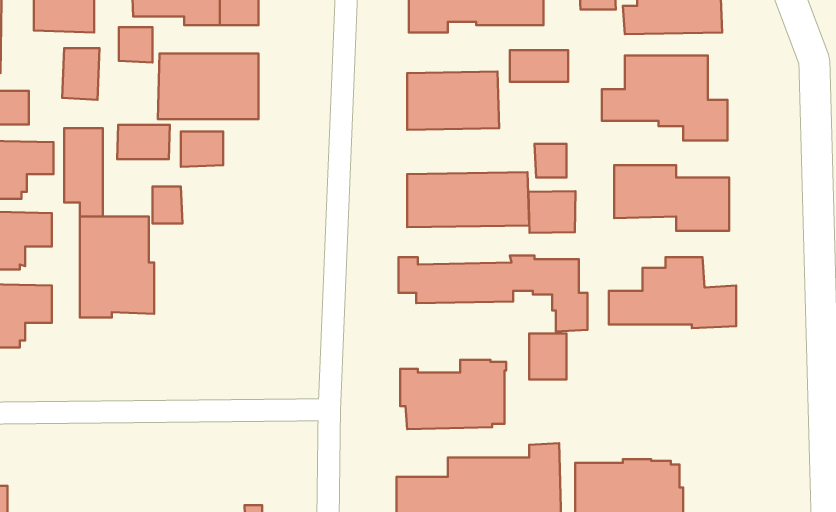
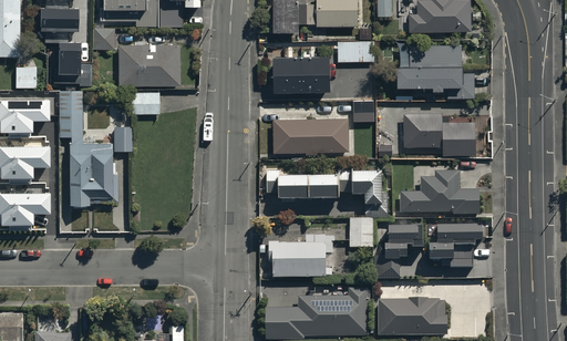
building: [117,125,170,159] -> none
building: [528,191,575,233] -> none
building: none -> [373,223,423,277]
building: none -> [429,223,481,266]

